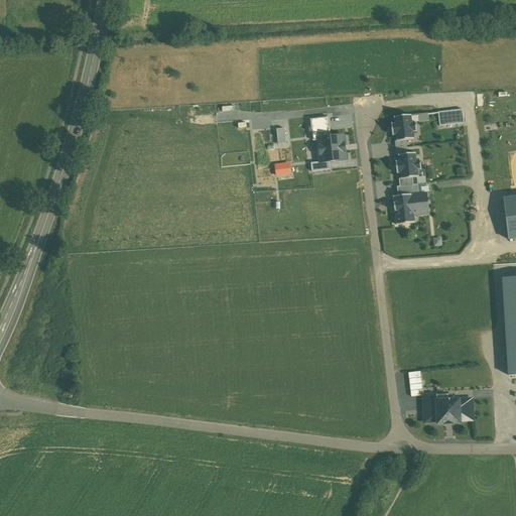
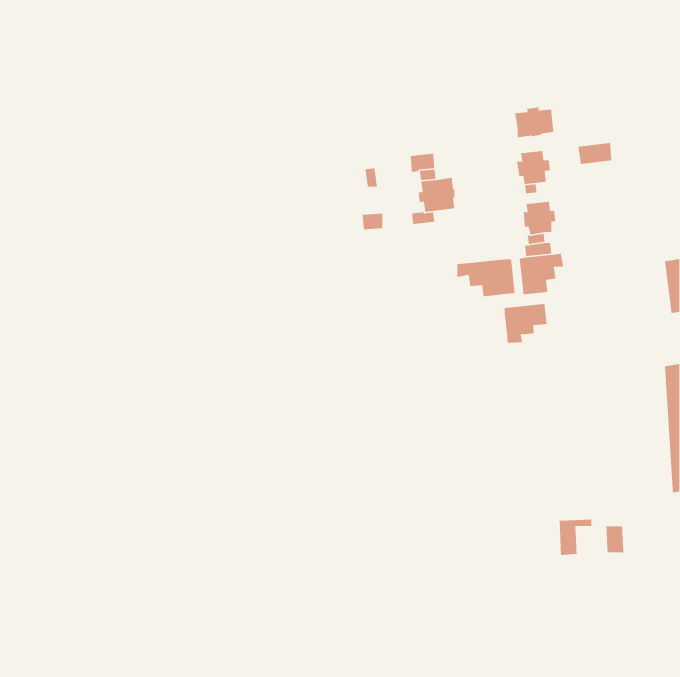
building: none -> [514,107,554,138]
building: none -> [456,258,516,297]
building: none -> [504,303,547,344]
building: [436,398,460,422] -> none

